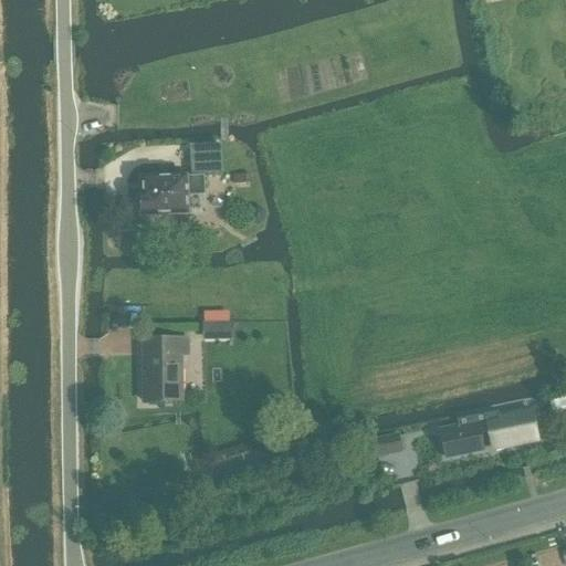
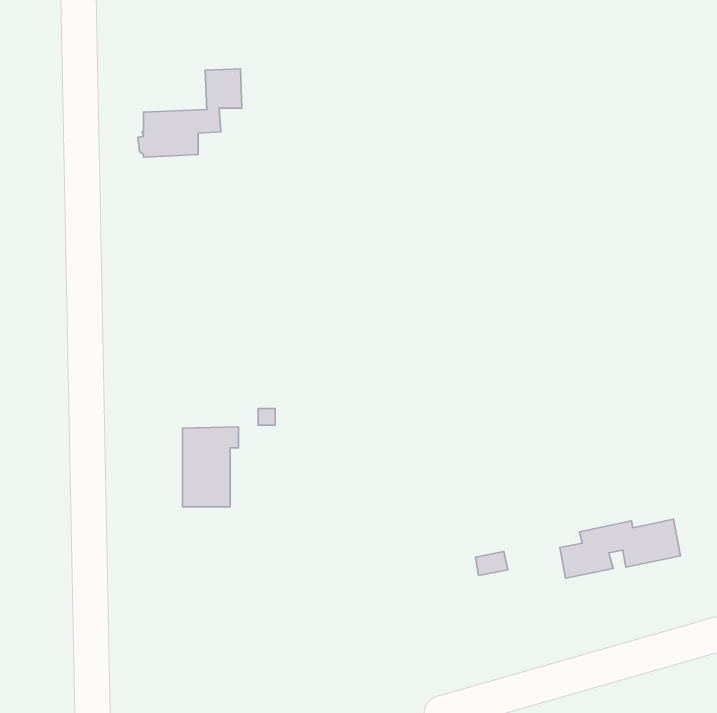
building: [139,143,221,212] -> [138,69,242,157]

